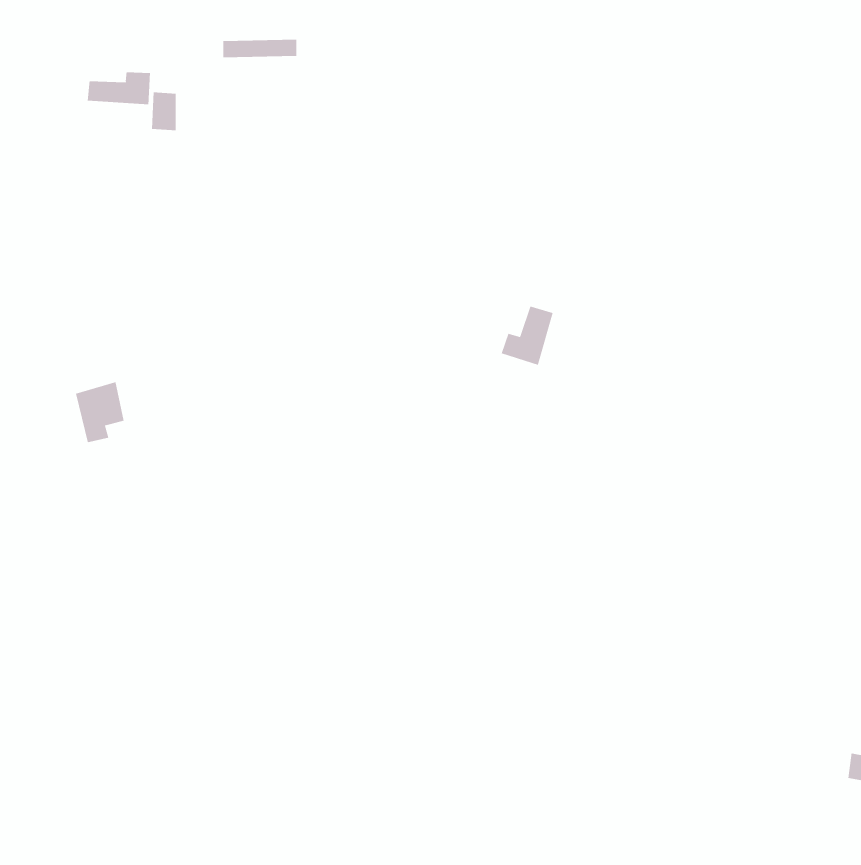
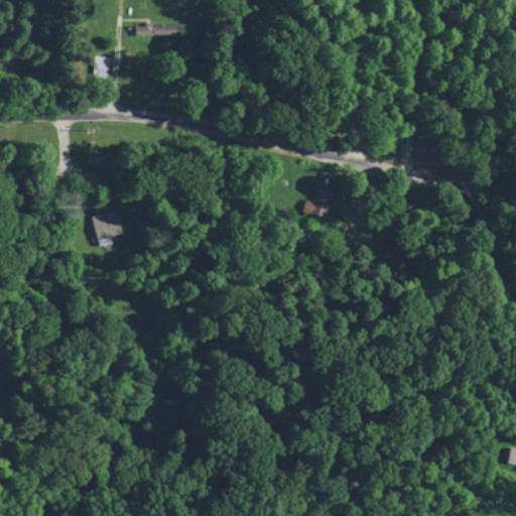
building: [87,72,150,105] -> none
building: [75,382,125,443] -> [92,211,121,247]

